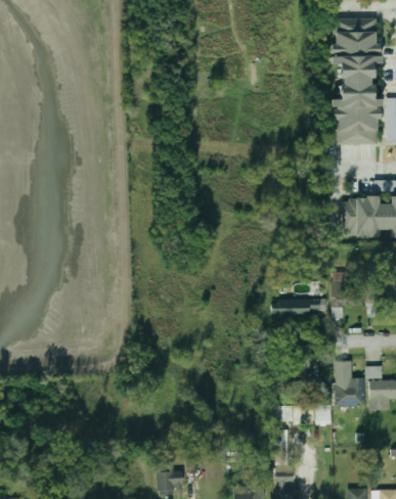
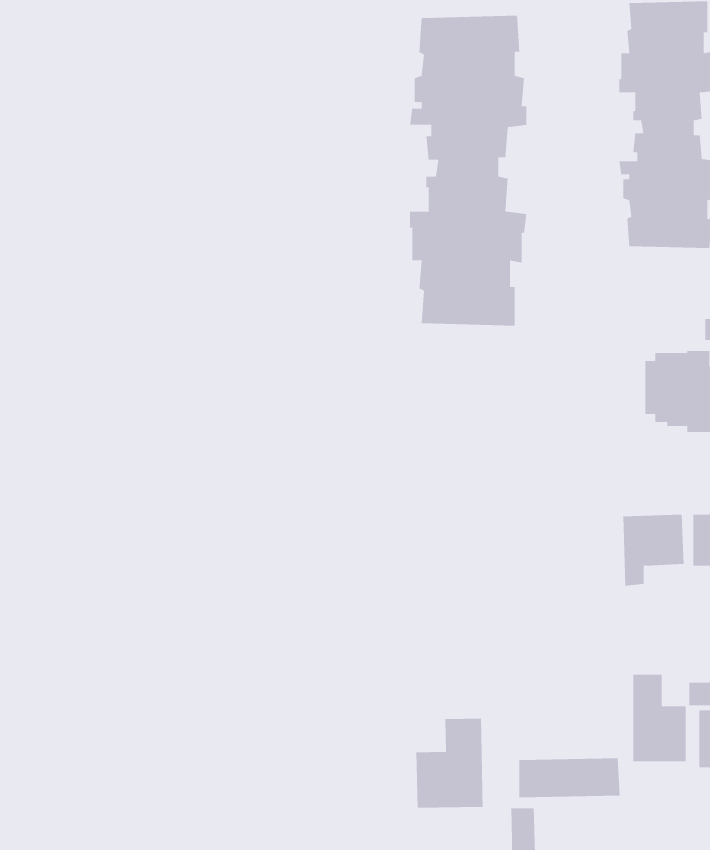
building: none -> [410,15,527,326]
building: [278,299,327,317] -> none
building: none -> [416,718,483,809]

